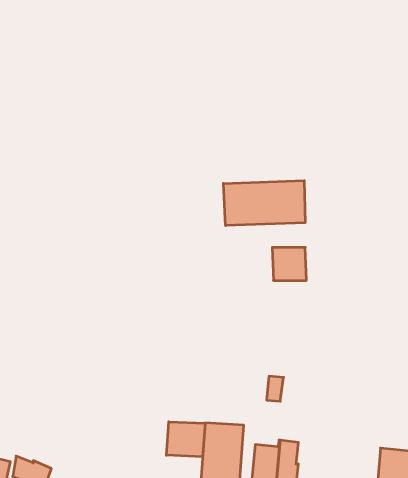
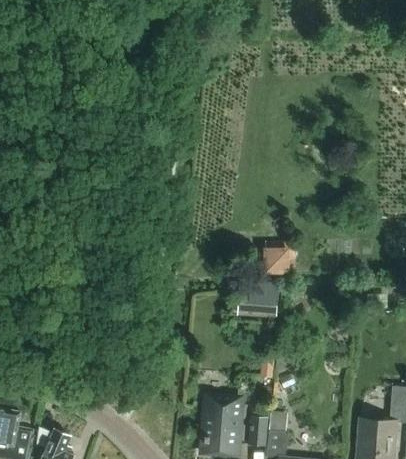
building: [223,181,305,226] -> none
building: none -> [236,274,277,317]
building: [166,422,205,457] -> none

